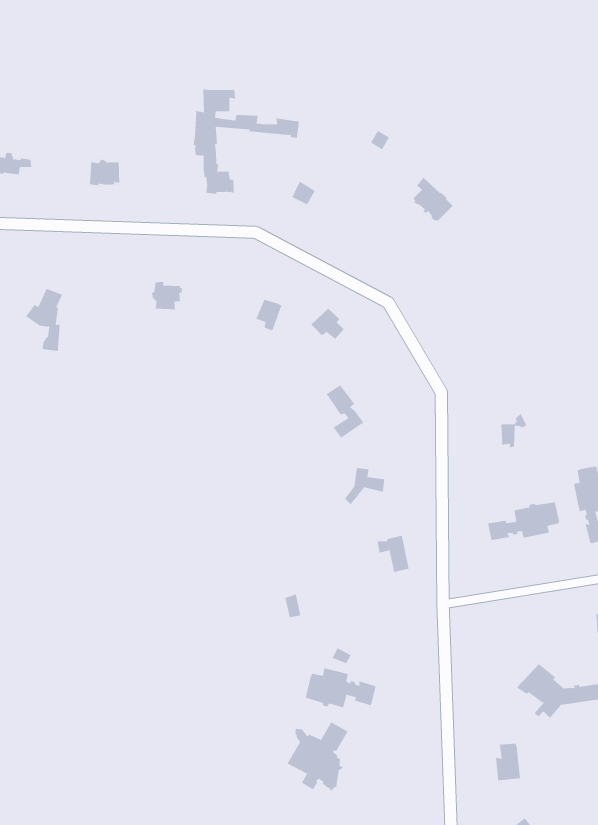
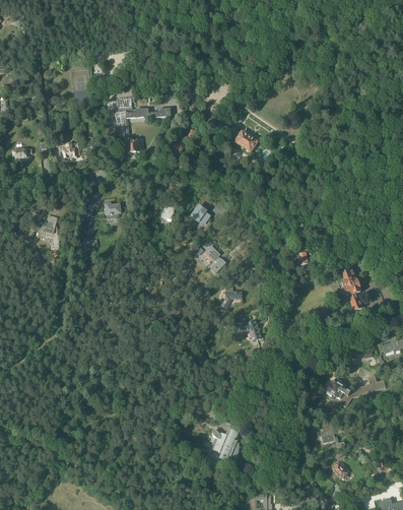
building: [488,501,560,541] -> none
building: [305,668,376,708] -> none

